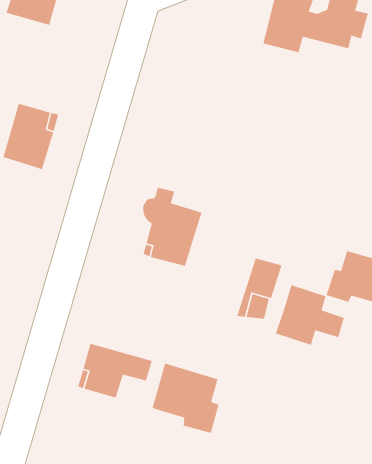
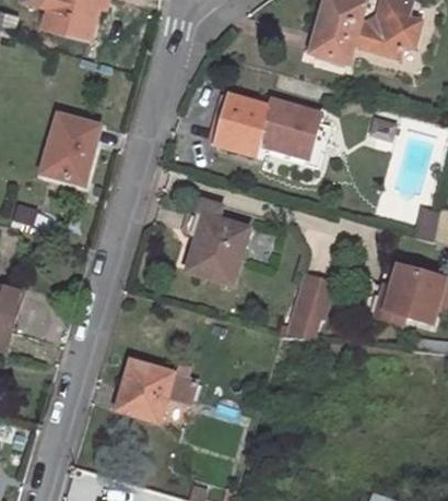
building: none -> [216,96,321,155]
building: [275,284,345,346] -> none
building: [152,363,219,434] -> none

